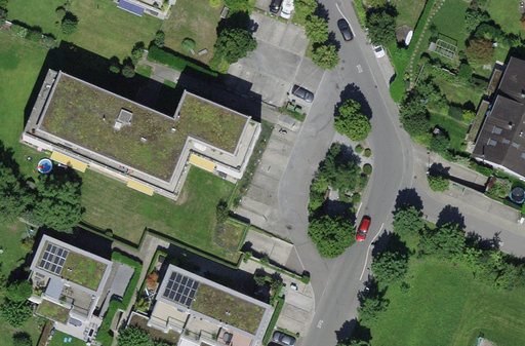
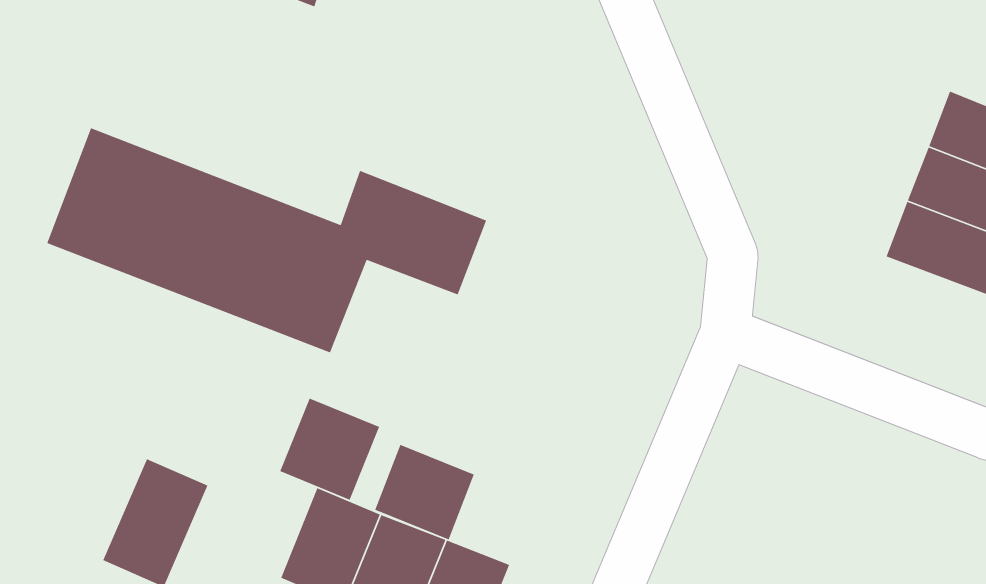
building: none -> [279,397,380,501]
building: [22,235,79,303] -> none
building: none -> [374,444,475,540]

